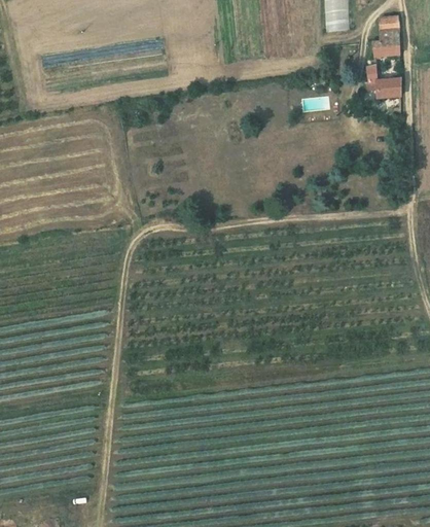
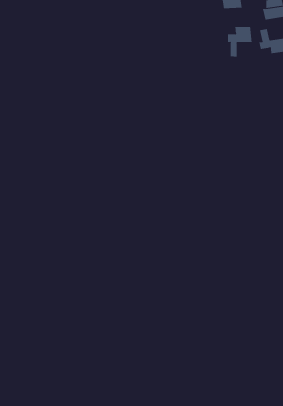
building: none -> [227,26,252,57]

